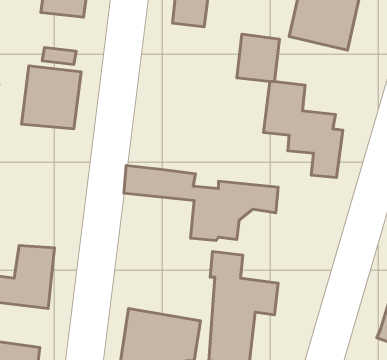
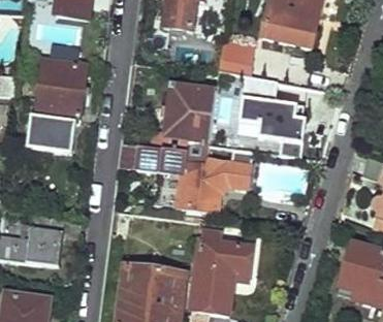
building: none -> [152,73,217,163]
building: none -> [26,109,76,149]

